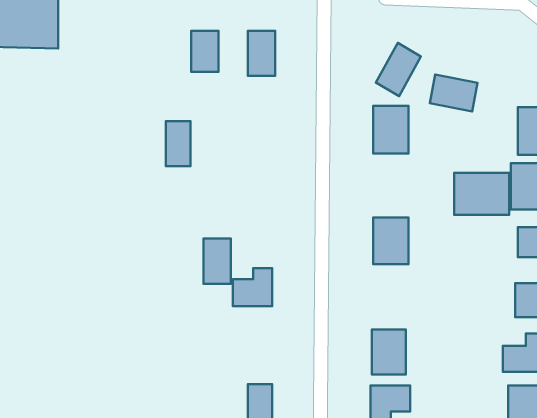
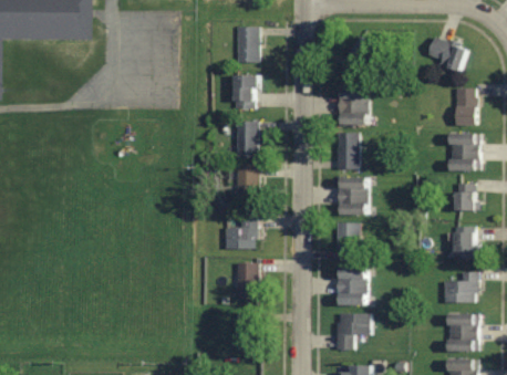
building: [191,31,218,72] -> [234,75,256,108]
building: [430,75,478,111] -> [426,38,465,67]
building: [166,121,190,166] -> [236,121,256,157]
building: none -> [337,132,358,169]
building: [454,173,509,215] -> none
building: [204,239,231,284] -> [235,168,257,205]
building: none -> [335,222,358,260]
building: none -> [236,262,256,300]

